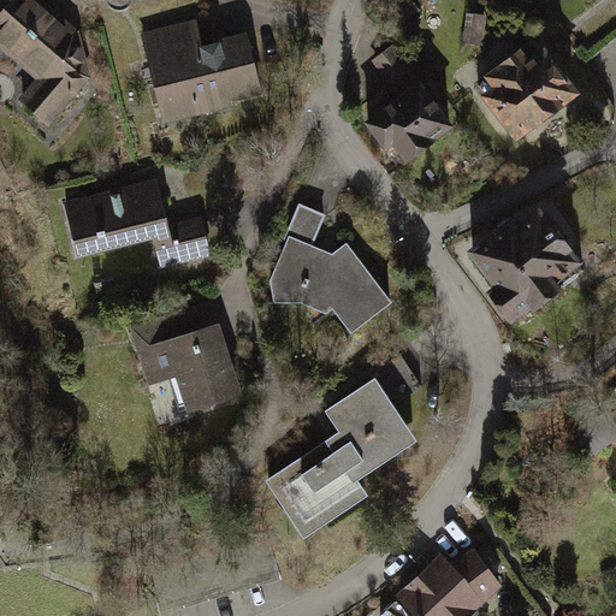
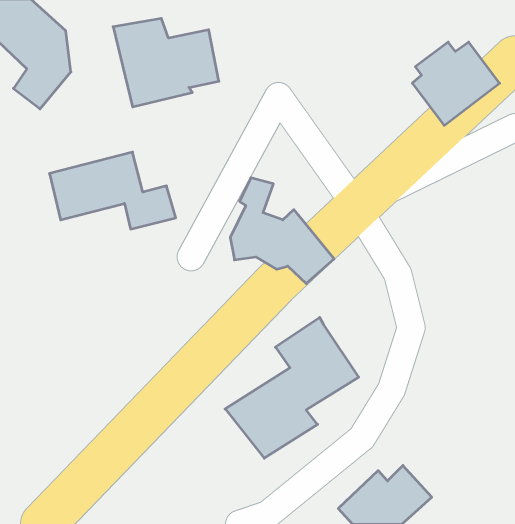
building: [353,49,454,164] -> none
building: [464,199,587,321] -> none
building: [129,303,243,417] -> none

